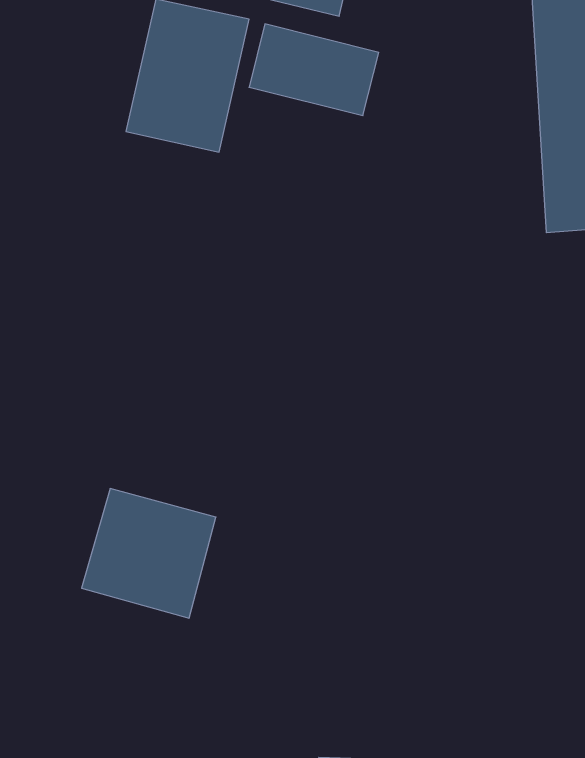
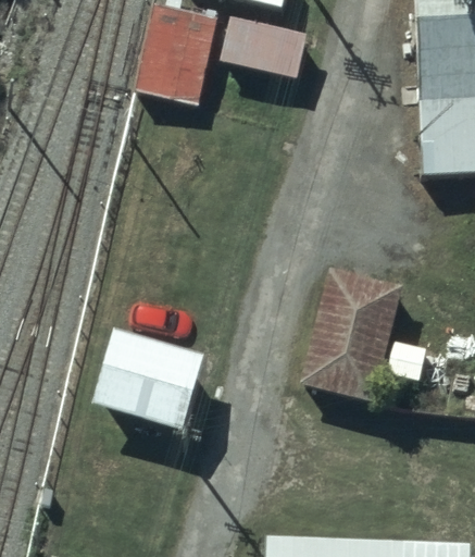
building: none -> [302,269,408,401]

